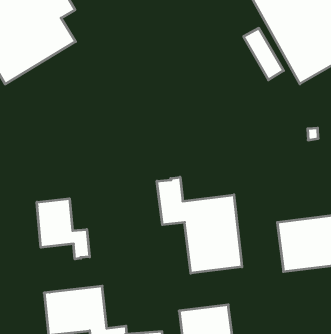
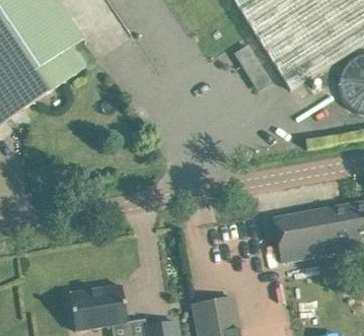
building: [157,177,242,273] -> none
building: [37,199,90,259] -> none

